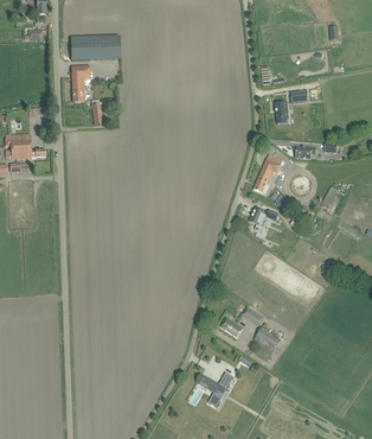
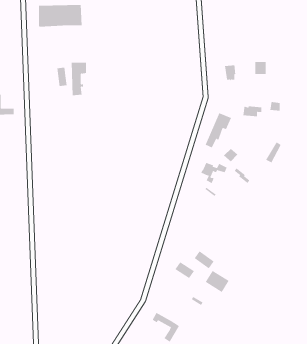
building: [72,65,90,102] -> [71,62,87,96]

